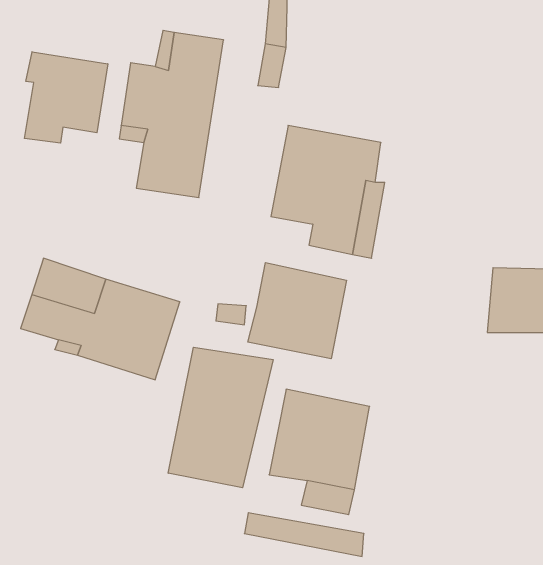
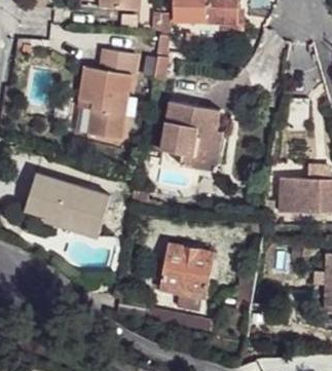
building: [24,52,108,143] -> none
building: [248,263,346,359] -> none
building: [168,347,273,488] -> none

